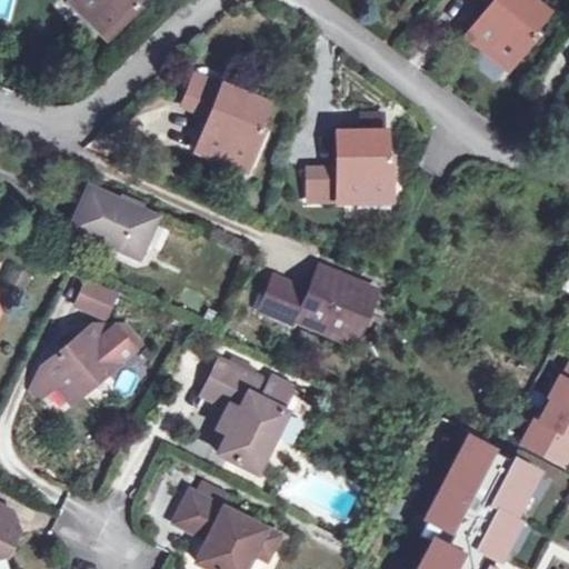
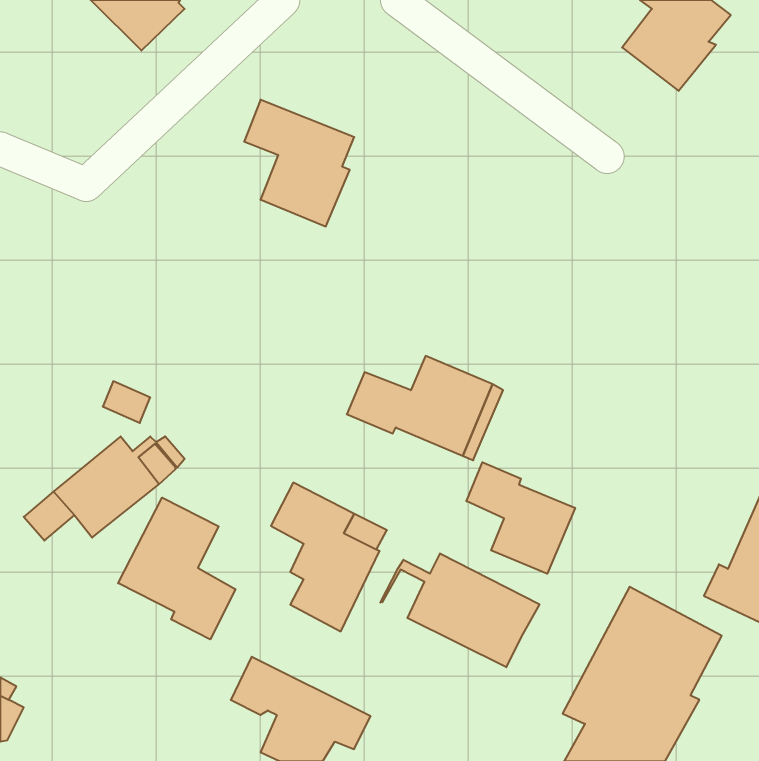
building: [308,130,391,201] -> none
building: [71,187,156,257] -> none
building: none -> [466,462,575,574]
building: none -> [118,498,235,639]
building: none -> [380,553,539,667]

